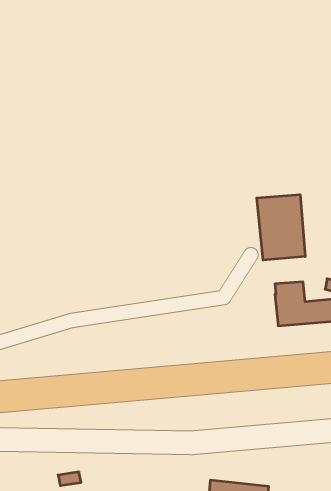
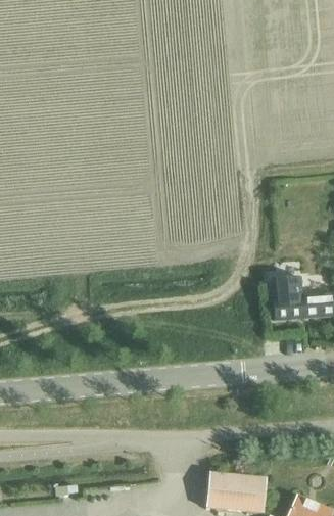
building: [257,195,305,260] -> none

